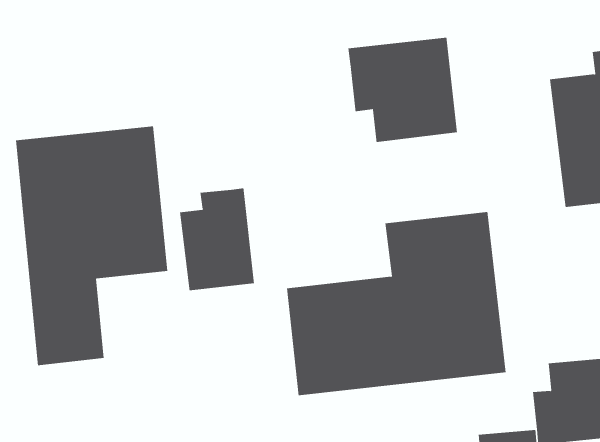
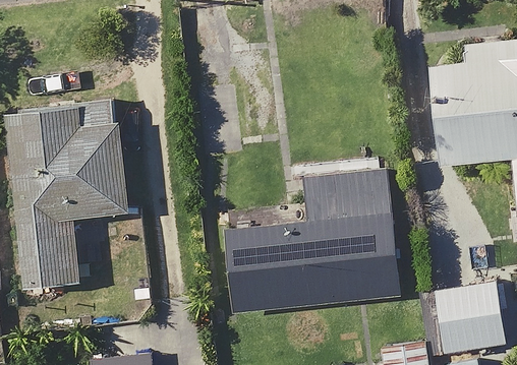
building: [348,37,457,143] -> none
building: [180,187,255,291] -> none

